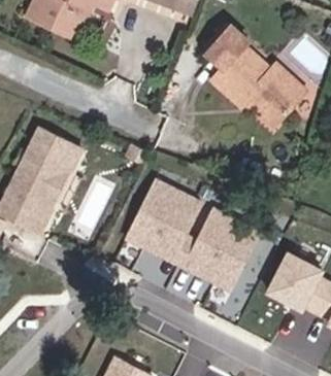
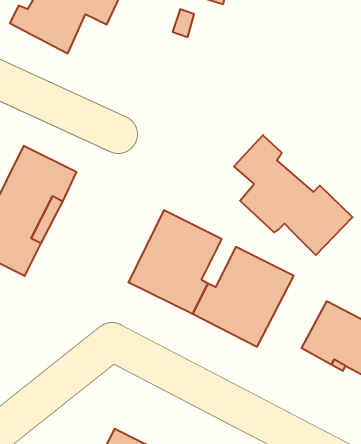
building: [207,26,304,124] -> [234,135,353,255]

